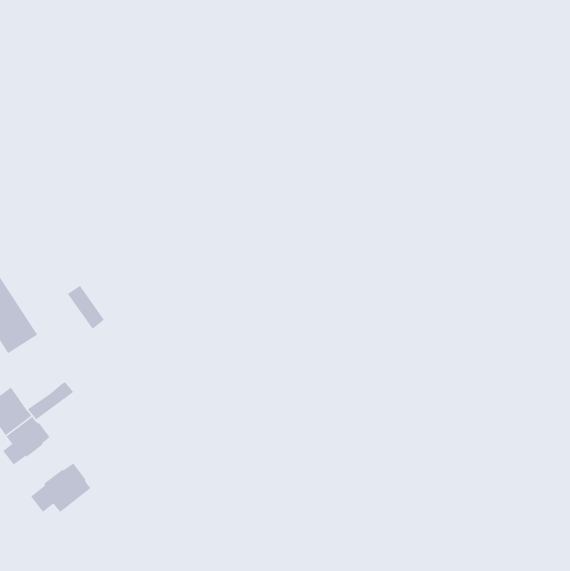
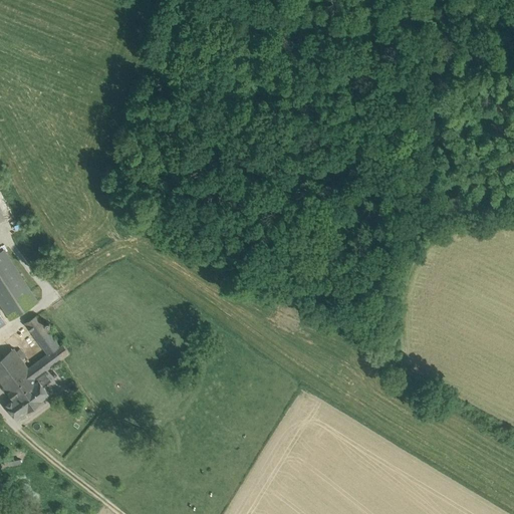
building: [67,285,105,330] -> [21,311,55,351]
building: [30,463,91,513] -> none

